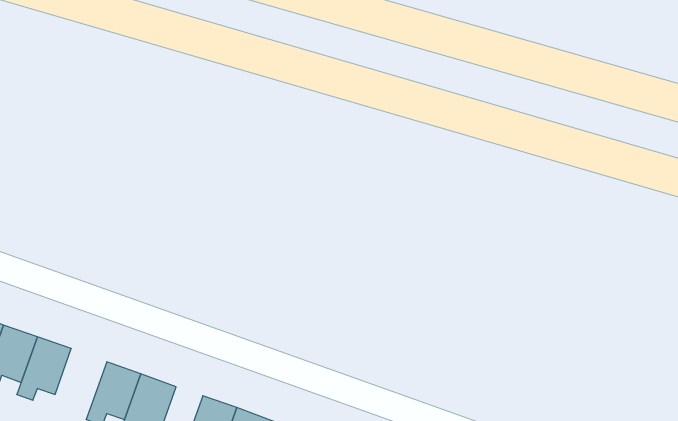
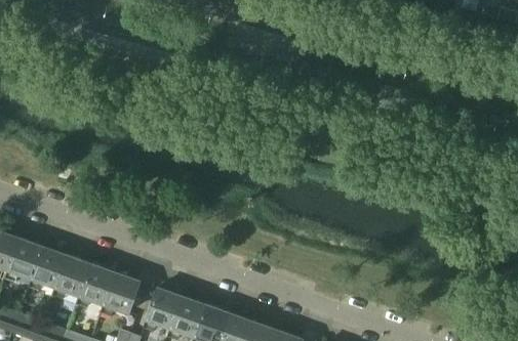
building: none -> [52,255,91,300]

